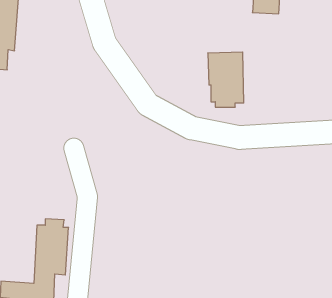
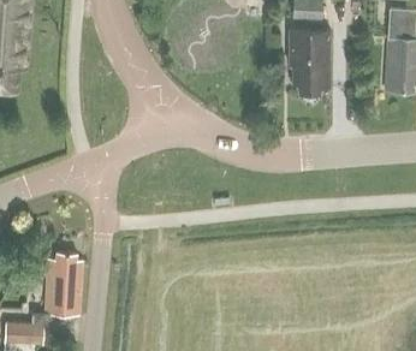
building: [208,52,244,107] -> [289,30,329,93]

